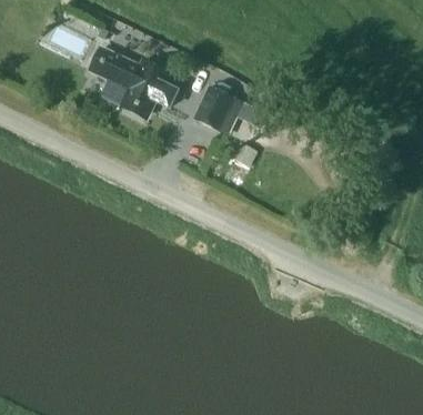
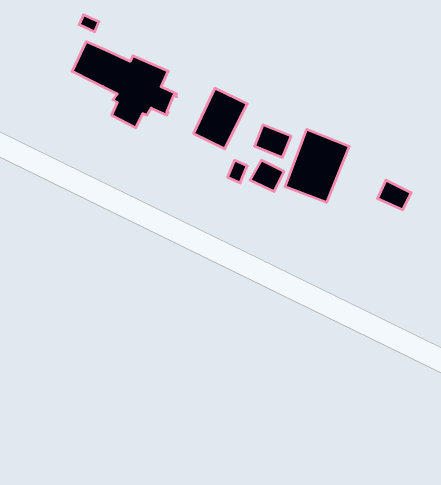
building: none -> [285,129,349,202]

